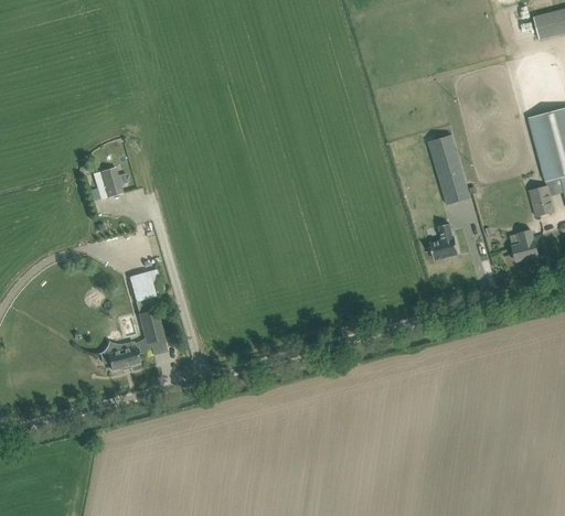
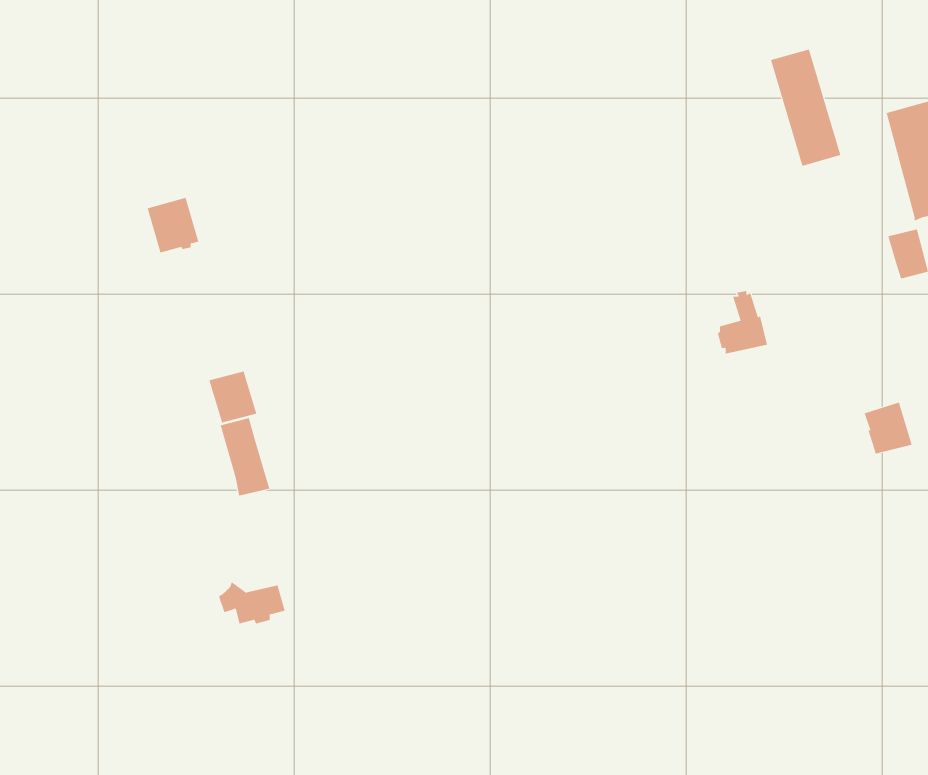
building: [428,136,470,205] -> [770,49,841,166]
building: [510,230,539,261] -> [864,402,913,454]
building: [100,345,140,370] -> [218,581,286,624]

